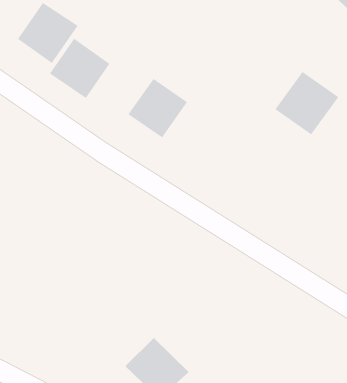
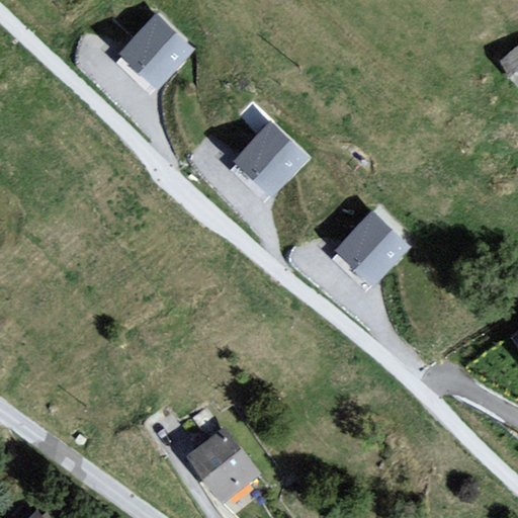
building: [49,38,110,99] -> none
building: [274,71,339,135] -> [333,210,411,287]

